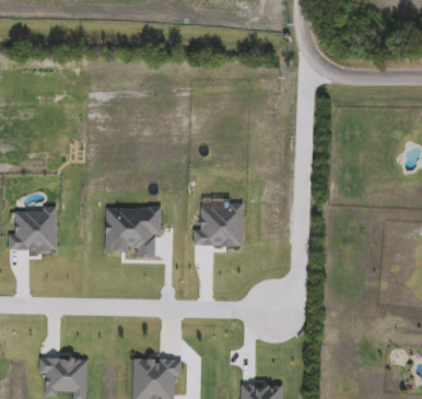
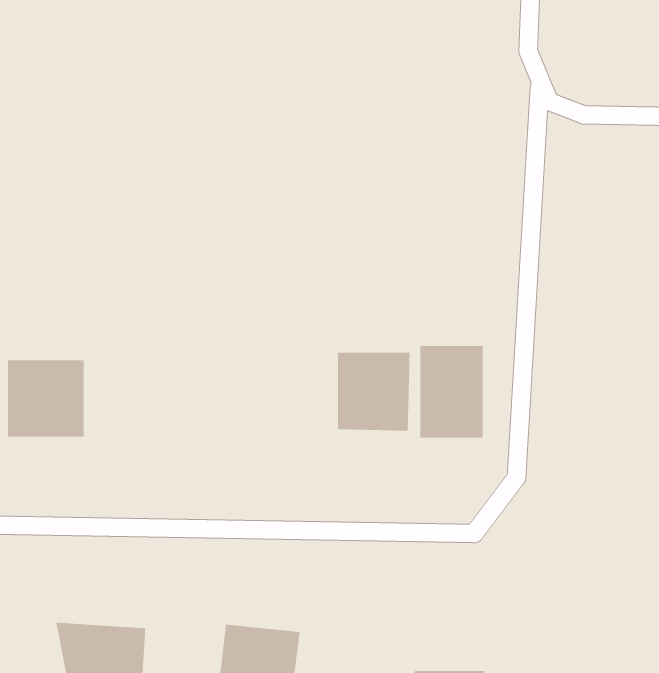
building: none -> [420,345,483,439]
building: [106,207,160,258] -> none

